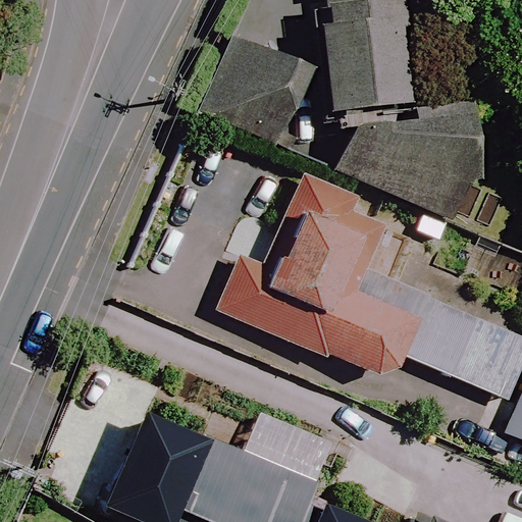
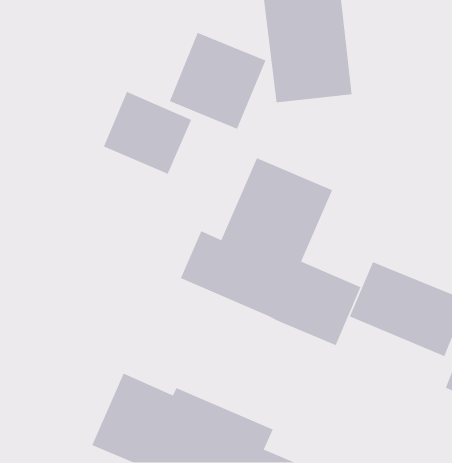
building: none -> [103,91,192,175]
building: [342,103,481,220] -> none

